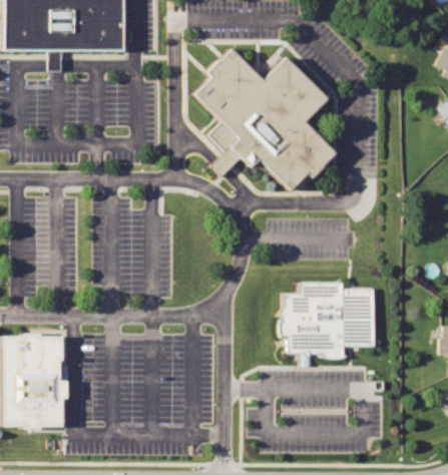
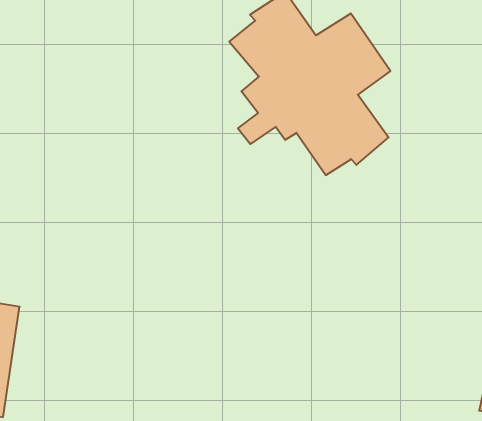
building: [290,283,379,353] -> none

